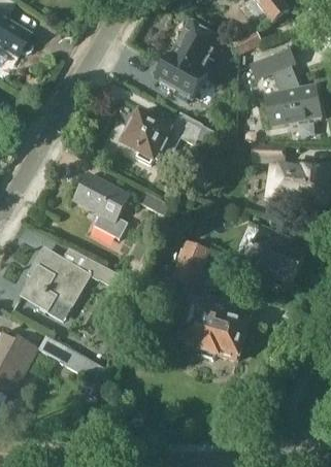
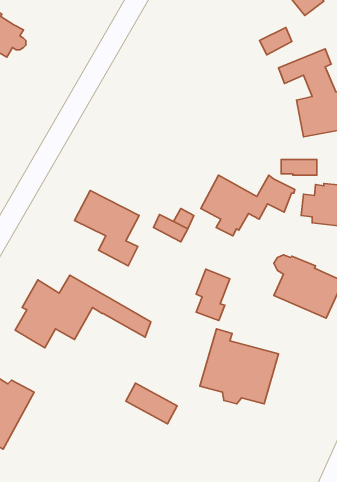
building: [155,18,230,101] -> none
building: [122,110,203,163] -> [201,175,295,236]
building: [59,346,103,381] -> [126,383,177,424]

